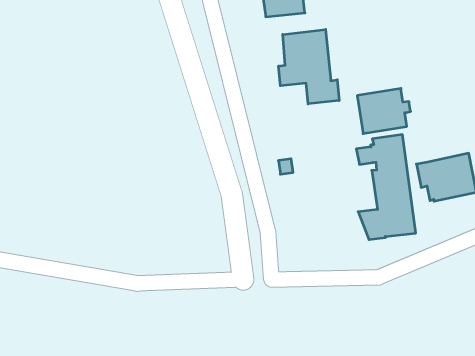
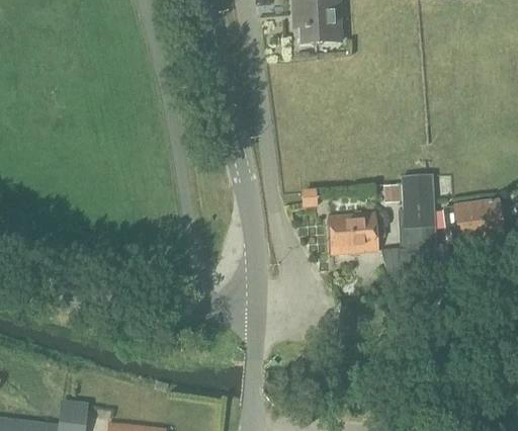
building: [279,29,339,104] -> none
building: [357,88,411,134] -> [329,210,382,254]

